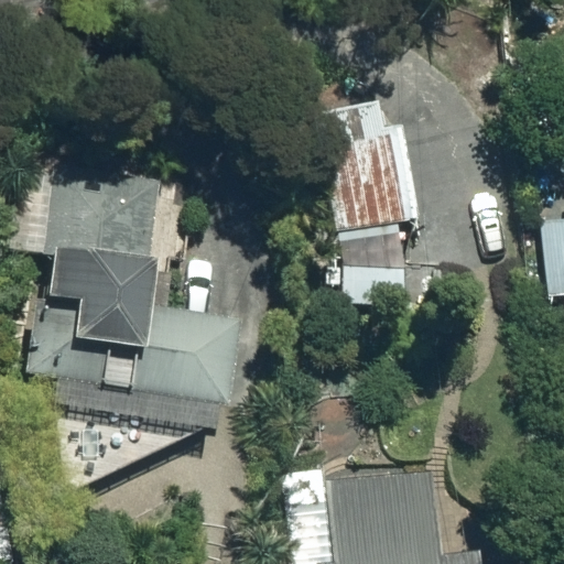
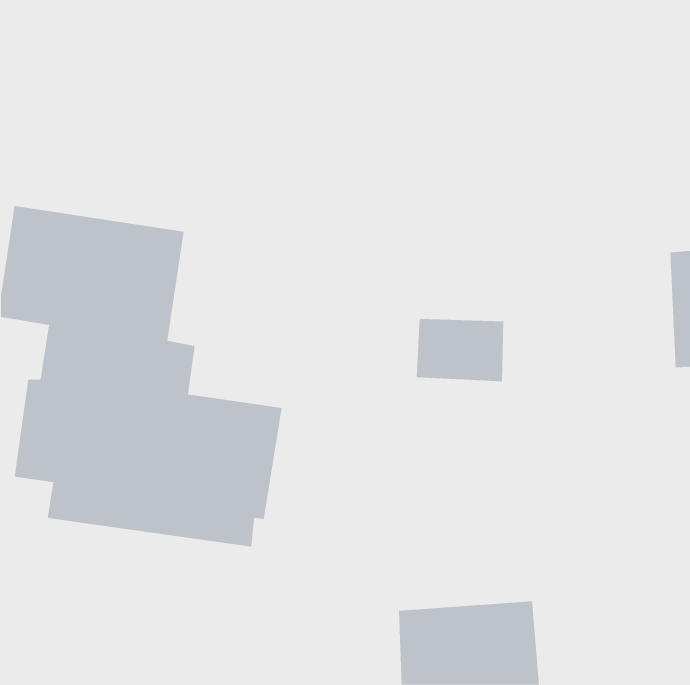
building: [324,105,425,232] -> none

